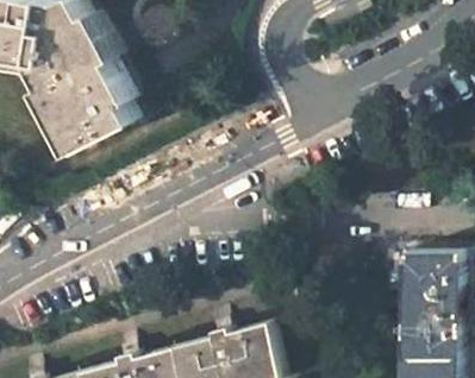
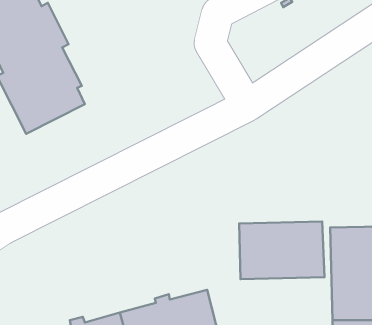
building: none -> [239,222,325,279]

